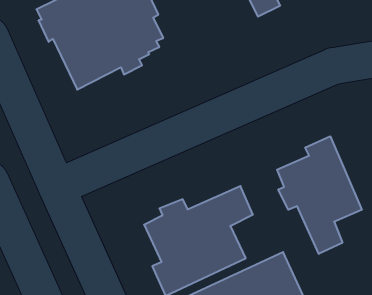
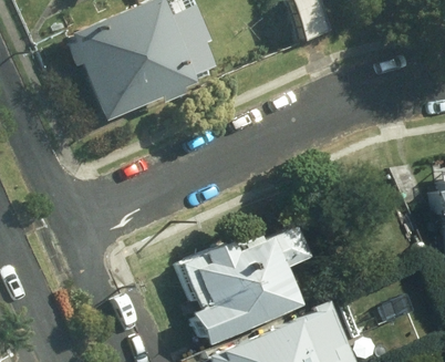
building: [277,136,362,254] -> none

